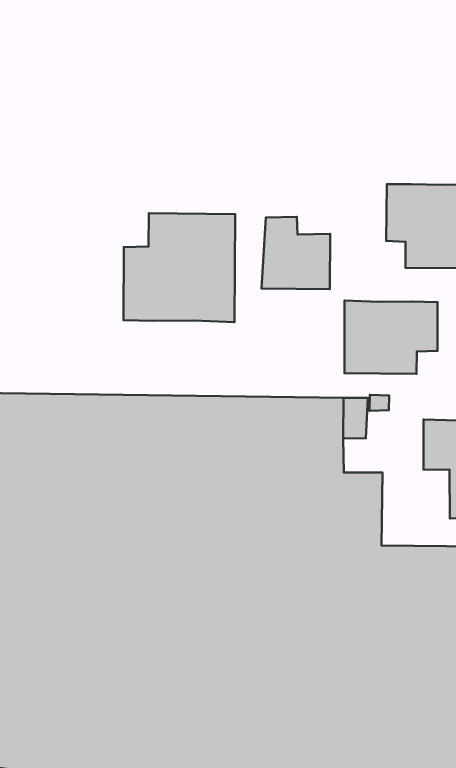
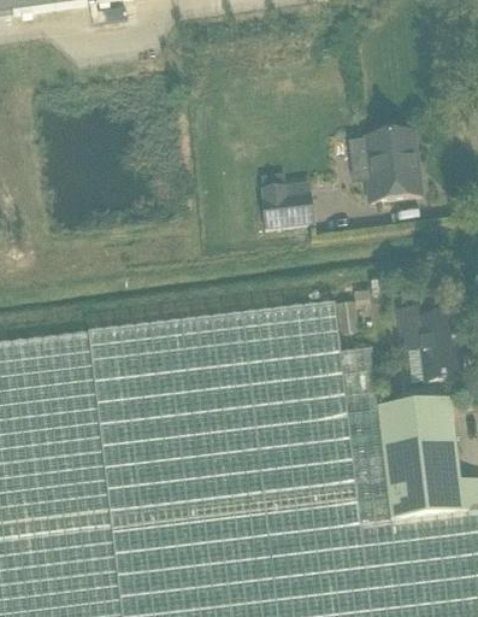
building: [123,213,235,322] -> none
building: [344,301,437,374] -> none

